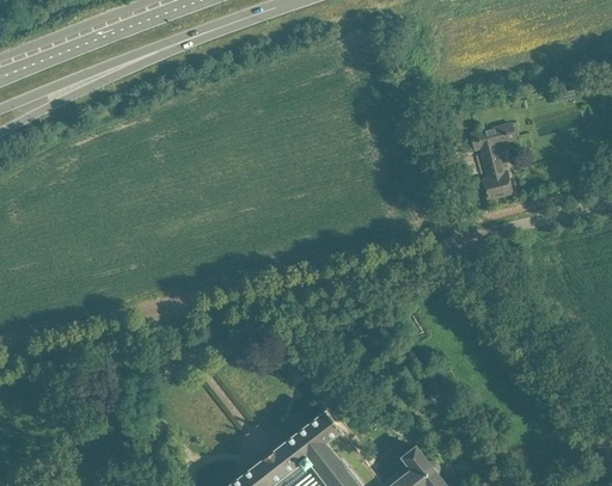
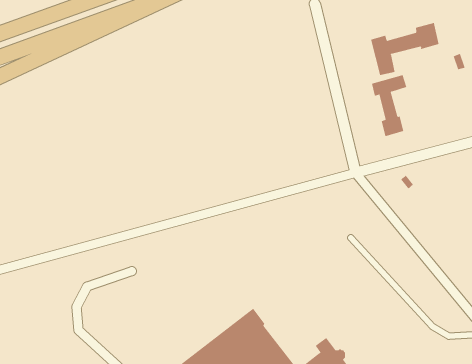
building: none -> [371,22,439,76]

